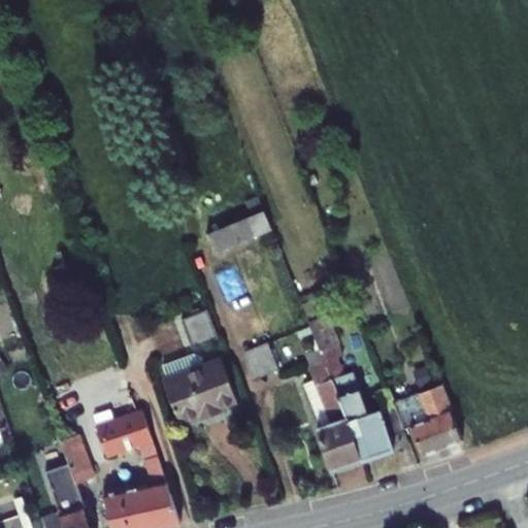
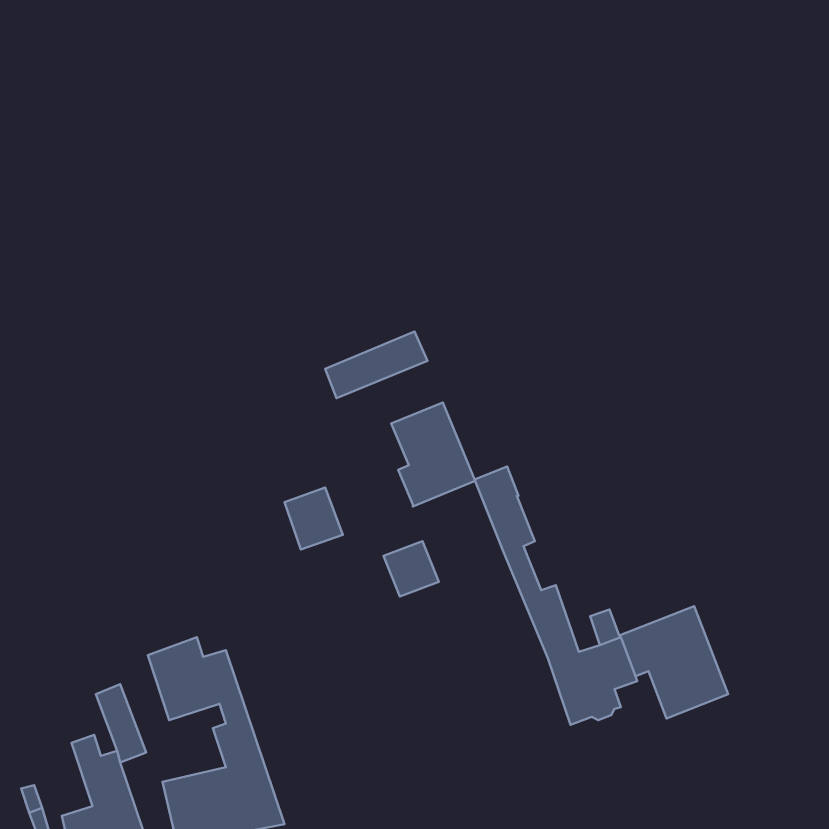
building: none -> [391,402,475,506]
building: [303,352,362,472] -> none
building: [163,355,236,423] -> none

